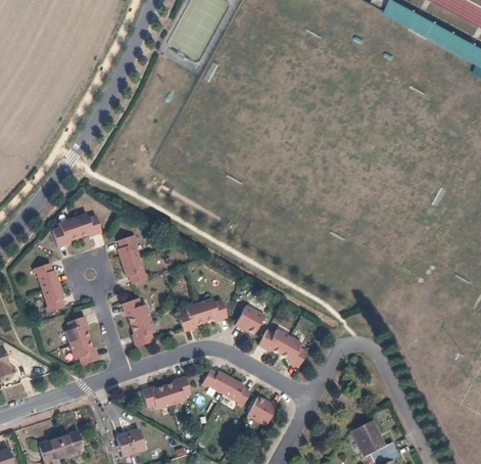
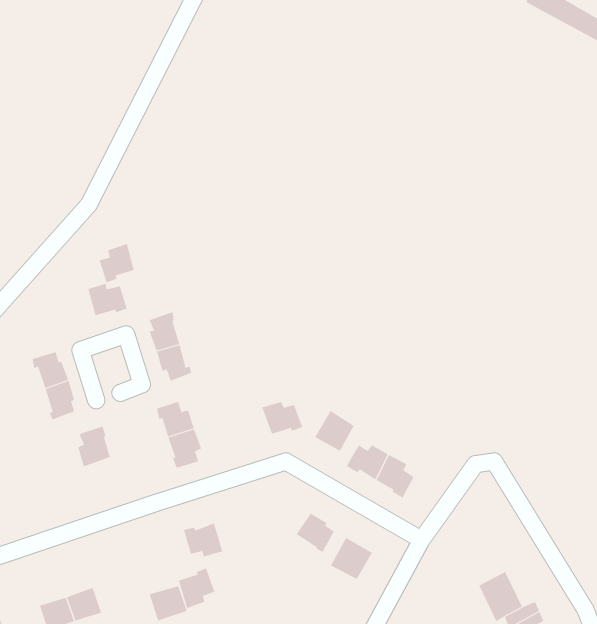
building: [53,218,79,246] -> [99,243,135,283]
building: [178,303,205,331] -> none
building: [70,338,99,365] -> none
building: [201,368,233,393] -> none
building: [164,376,191,406] -> [178,568,215,609]

